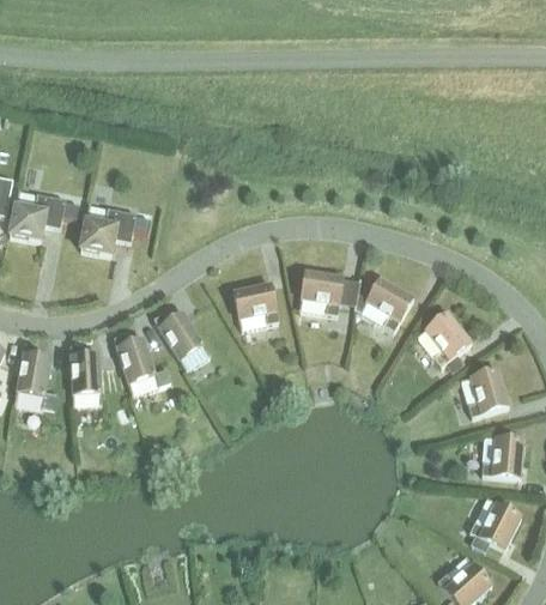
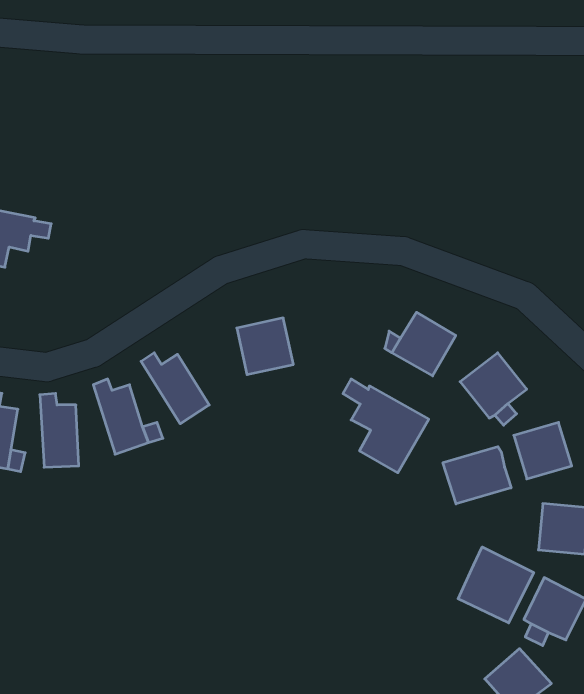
building: [79,204,150,254] -> none
building: [298,270,342,314] -> none
building: none -> [343,379,429,473]
building: none -> [443,447,511,504]
building: none -> [458,547,534,623]

